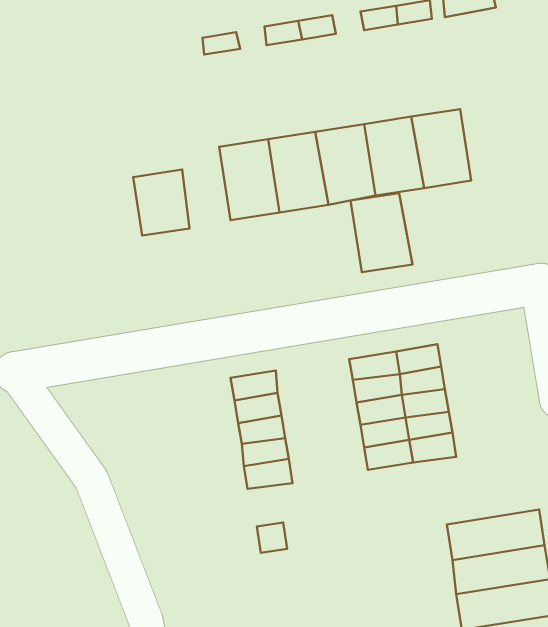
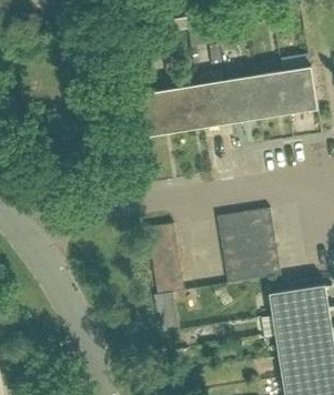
building: [133,170,189,236] -> none
building: [350,193,412,272] -> [281,67,317,113]
building: none -> [269,284,327,316]

